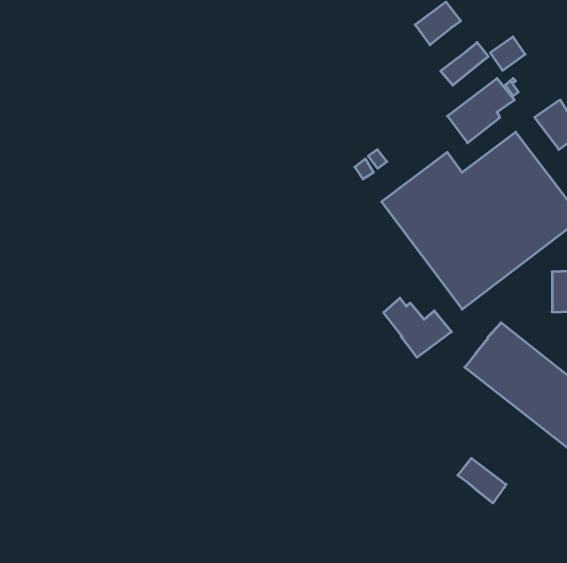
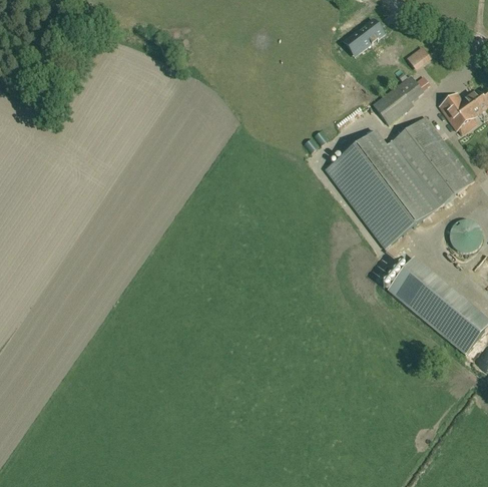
building: [441,42,488,85] -> none
building: [384,298,452,357] -> none
building: [458,458,506,503] -> none

